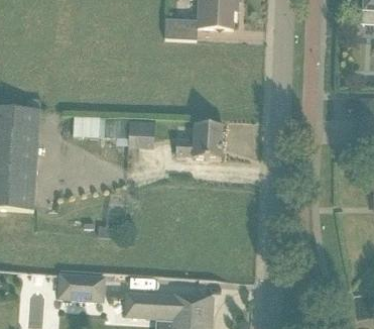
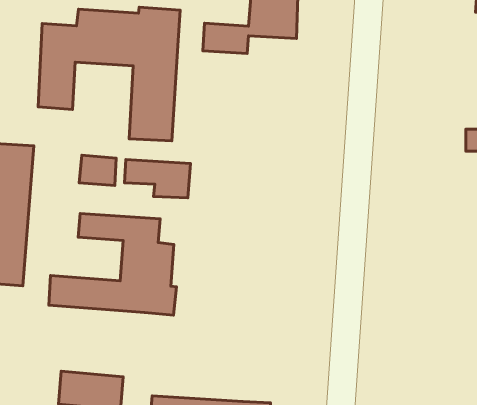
building: none -> [38,7,180,141]
building: [173,122,222,157] -> none
building: none -> [49,214,176,315]

